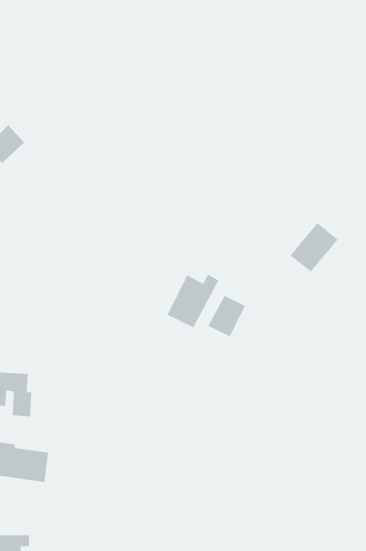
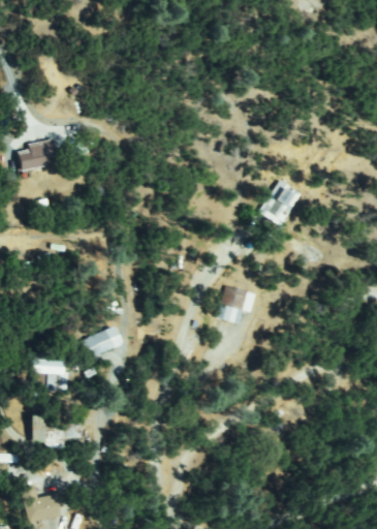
building: [290,222,339,272] -> [260,181,303,224]
building: [167,274,219,328] -> none
building: none -> [77,329,119,359]

